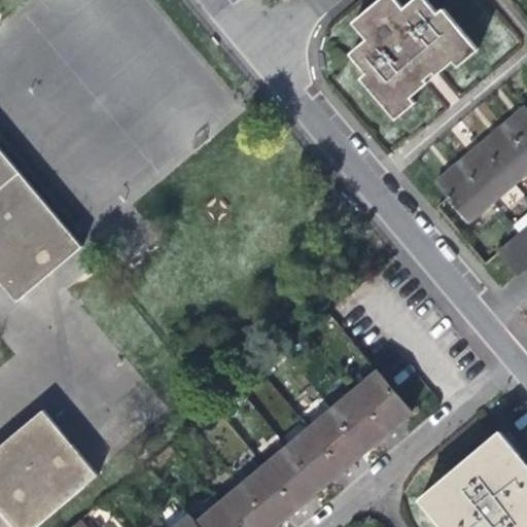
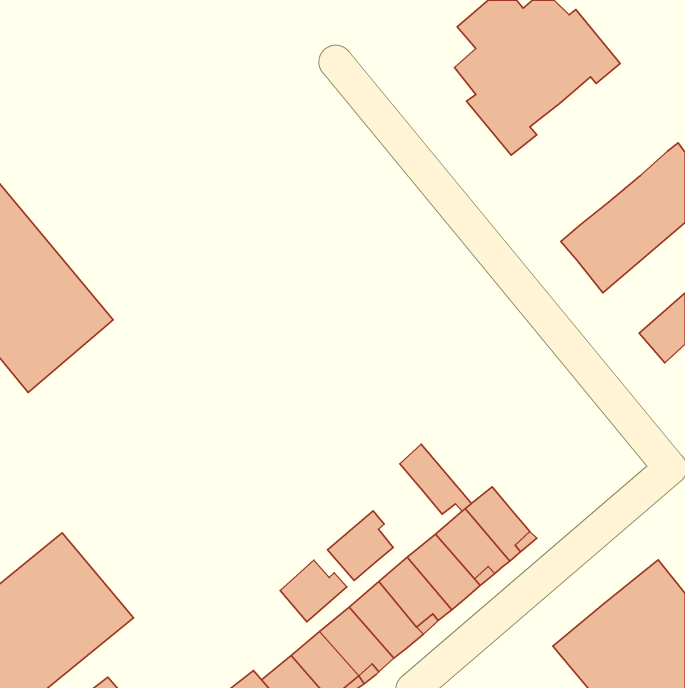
building: none -> [400,444,471,514]
building: none -> [327,511,393,581]
building: none -> [280,560,347,622]

